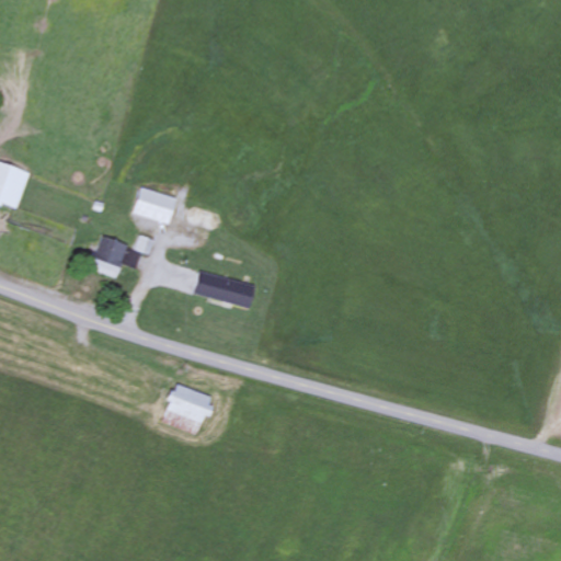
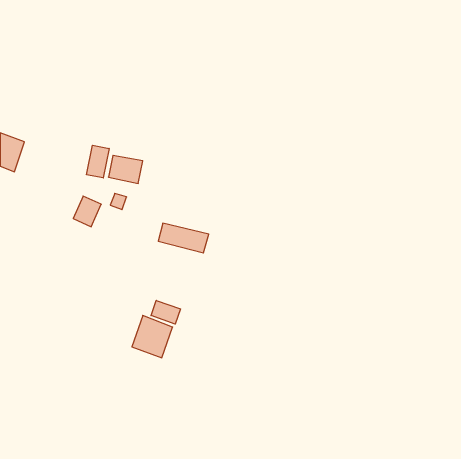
building: none -> [87,145,109,178]
building: none -> [151,300,180,324]

